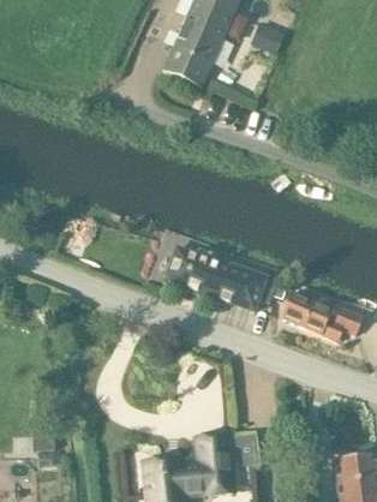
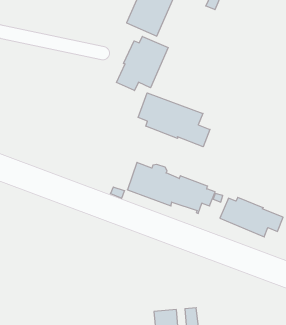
building: none -> [117,36,168,91]
building: none -> [138,93,210,147]

